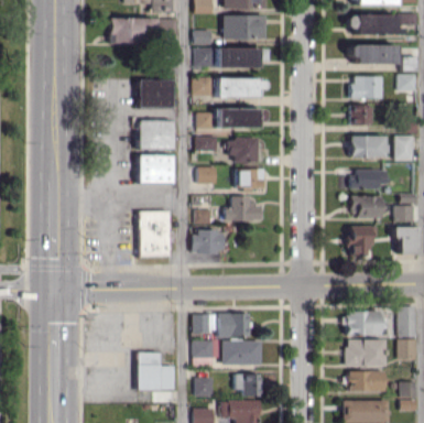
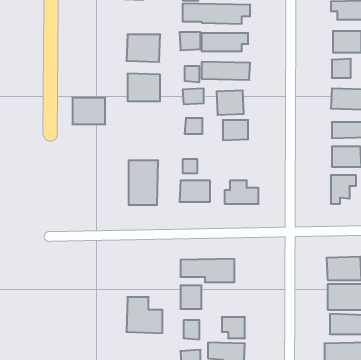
building: [138,155,172,183] -> [72,98,105,124]
building: [226,196,261,220] -> [225,181,259,204]
building: [221,340,261,365] -> none

